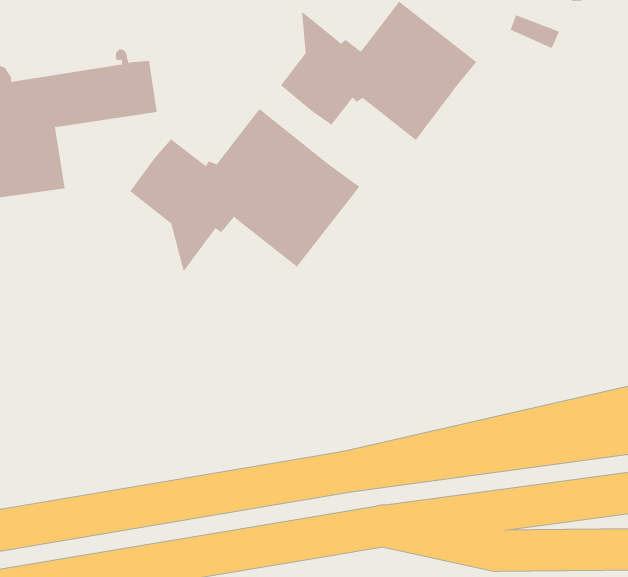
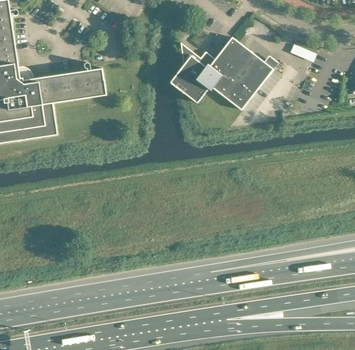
building: [130,108,360,272] -> none

